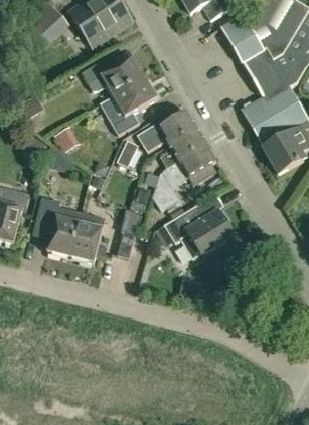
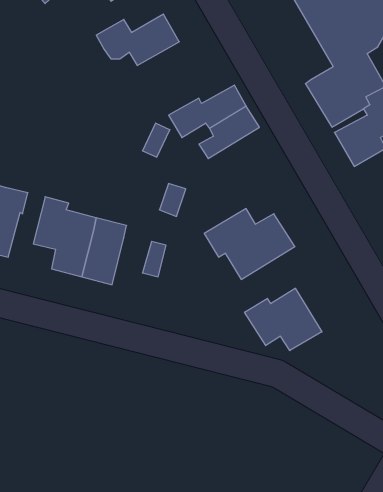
building: [100,77,157,135] -> none
building: [153,143,216,209] -> none
building: none -> [245,288,322,351]

